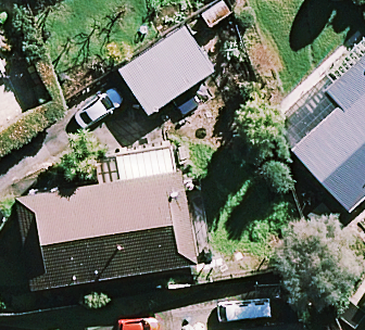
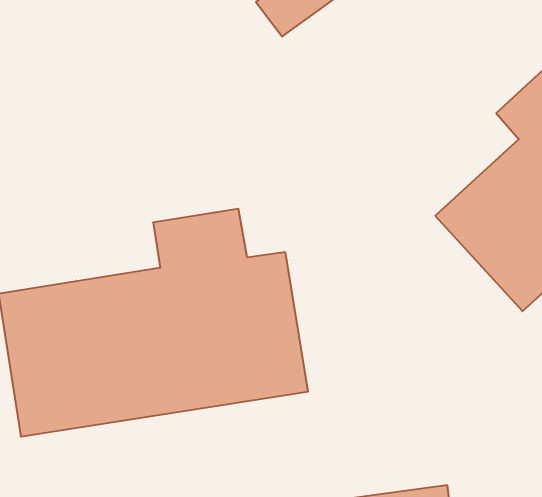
building: [119,29,212,114] -> none

